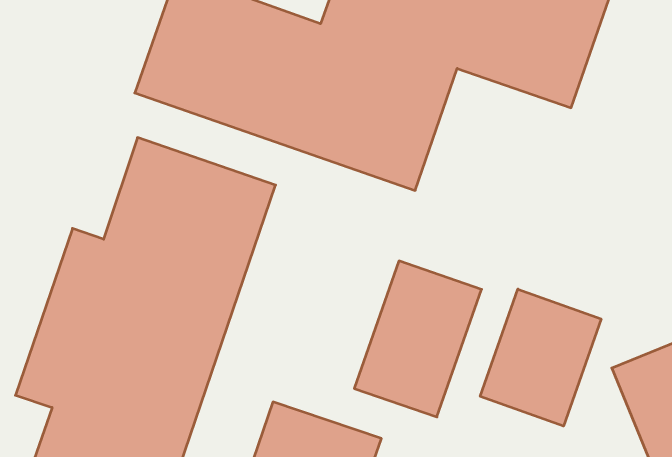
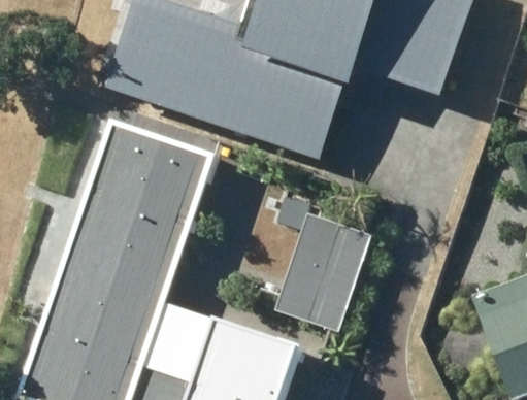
building: [480,289,601,426] -> none

